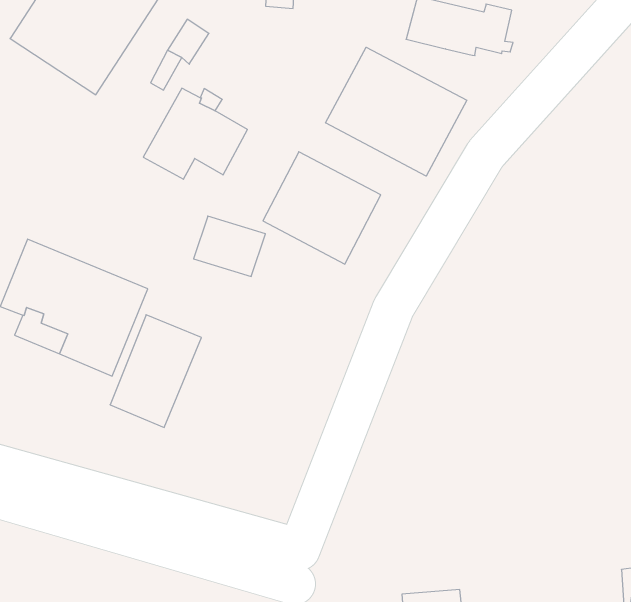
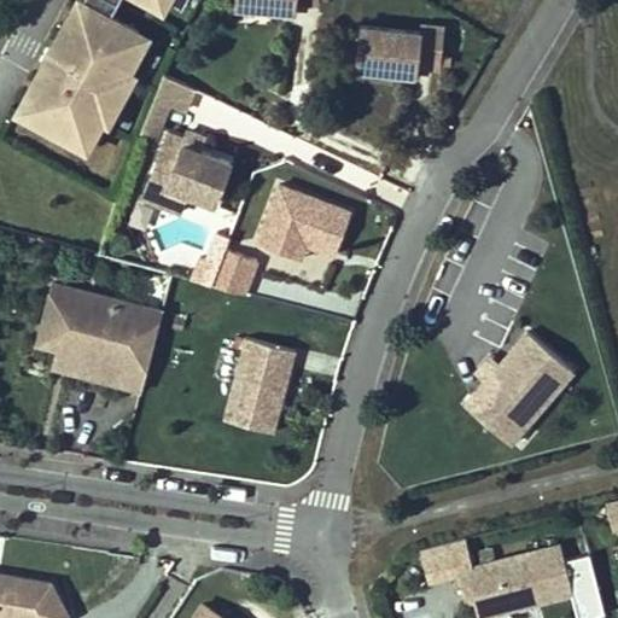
building: [326,47,467,176] -> none
building: [110,315,201,427] -> [225,342,296,437]
building: none -> [459,326,578,449]

